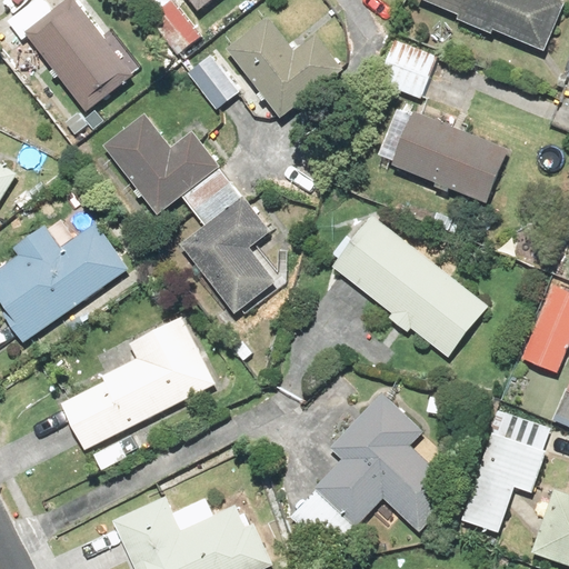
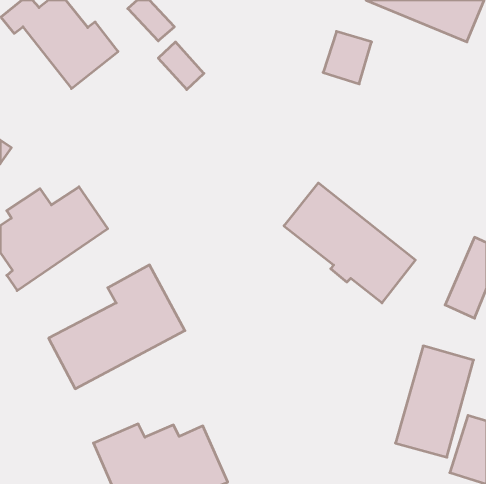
building: [224,14,345,117] -> none
building: [102,111,274,313] -> none
building: [393,111,507,200] -> none
building: [286,391,457,552] -> none

